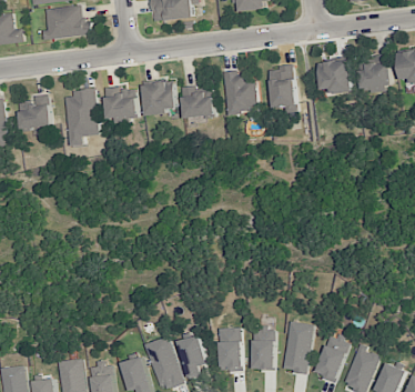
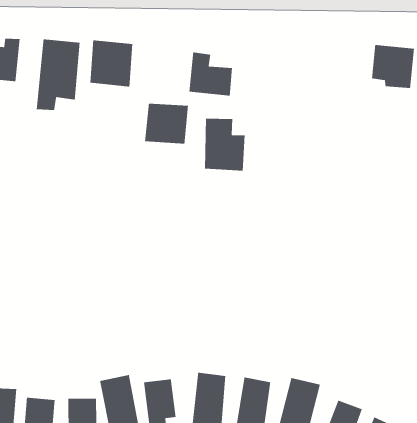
building: [269,67,295,113] -> none
building: [222,71,256,112] -> [204,118,246,171]
building: [143,82,175,114] -> [144,103,189,145]

